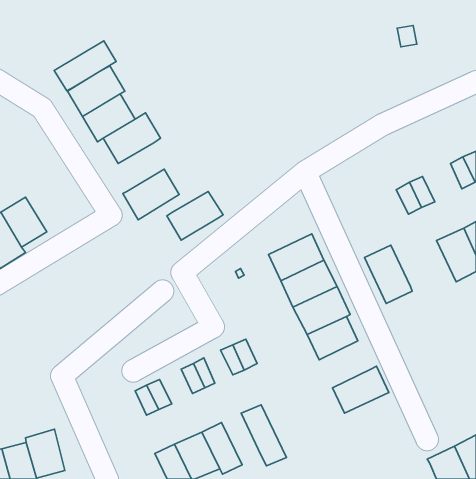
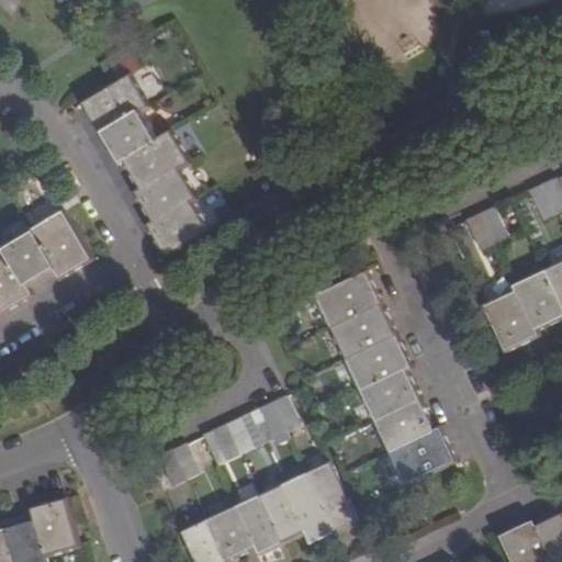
building: [54,41,116,91] -> none
building: none -> [30,213,88,278]
building: [167,191,223,240] -> [132,167,198,224]
building: [364,245,412,303] -> [480,281,536,349]
building: none -> [373,398,434,453]
building: none -> [305,462,357,535]
building: none -> [259,483,305,543]

